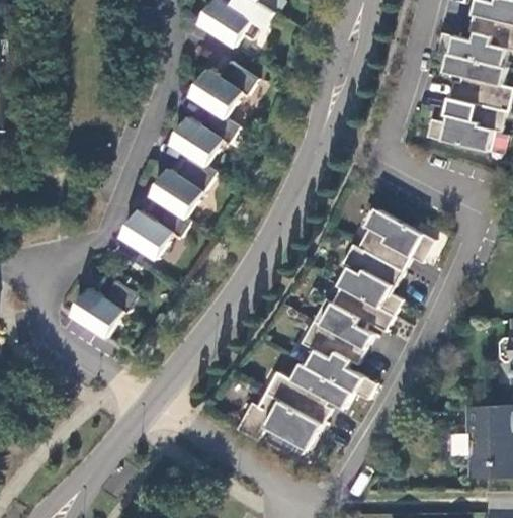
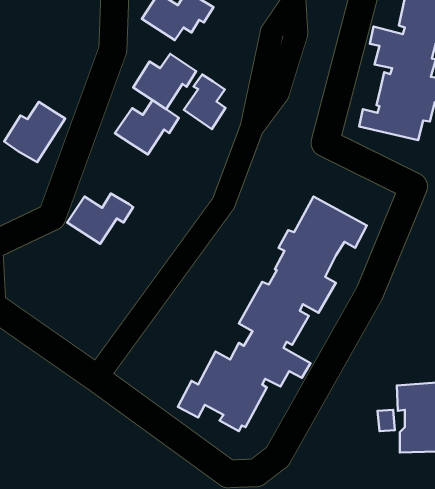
building: none -> [184,74,226,129]
building: [151,155,215,218] -> [4,102,65,162]
building: [71,280,137,337] -> none

